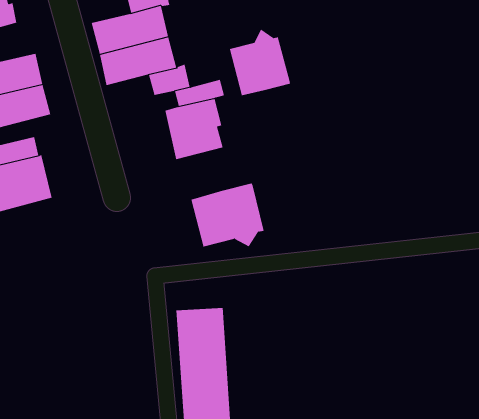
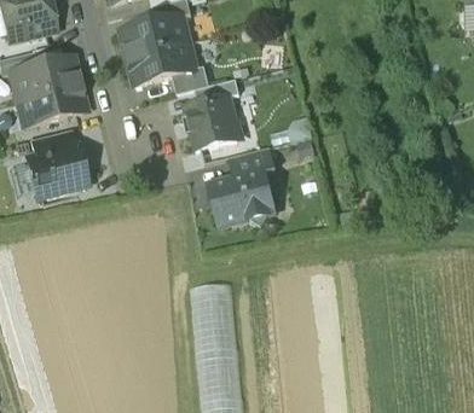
building: [229,28,290,96] -> none
building: none -> [227,146,274,176]

